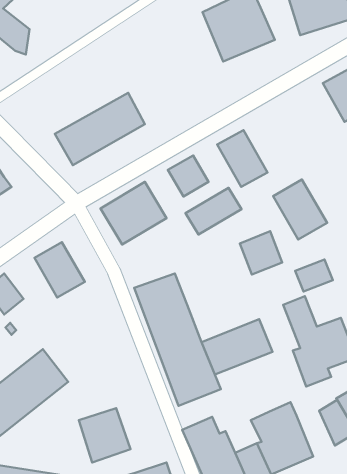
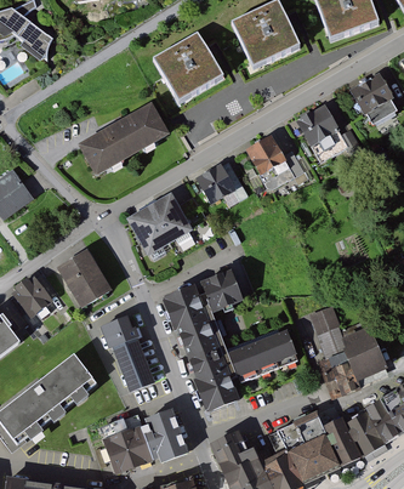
building: none -> [150,30,223,103]
building: [273,179,327,240] -> [294,108,348,169]
building: [186,188,241,234] -> none
building: [240,231,282,275] -> [201,271,244,314]
building: [295,260,333,292] -> none
building: none -> [104,314,155,391]
building: none -> [142,406,192,460]
building: none -> [324,416,363,467]

